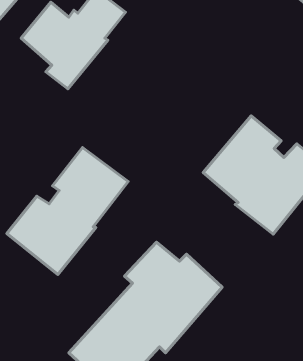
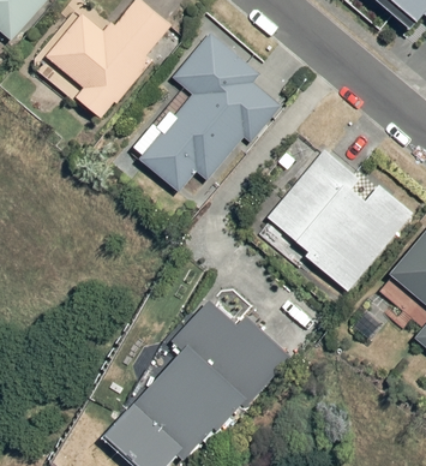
building: none -> [137,32,281,193]
building: [7,148,128,274] -> none

